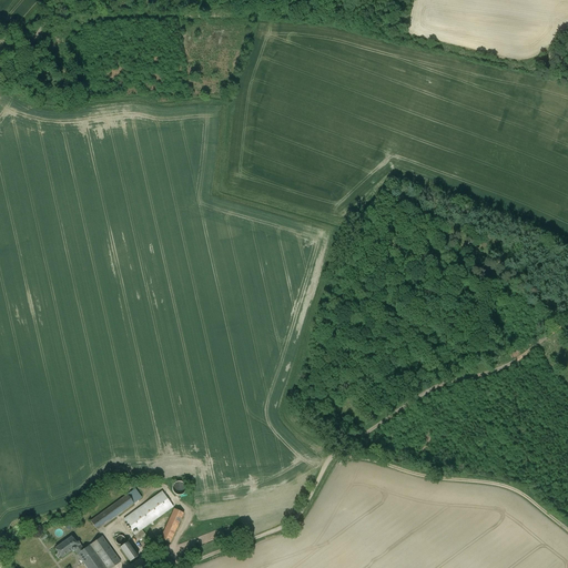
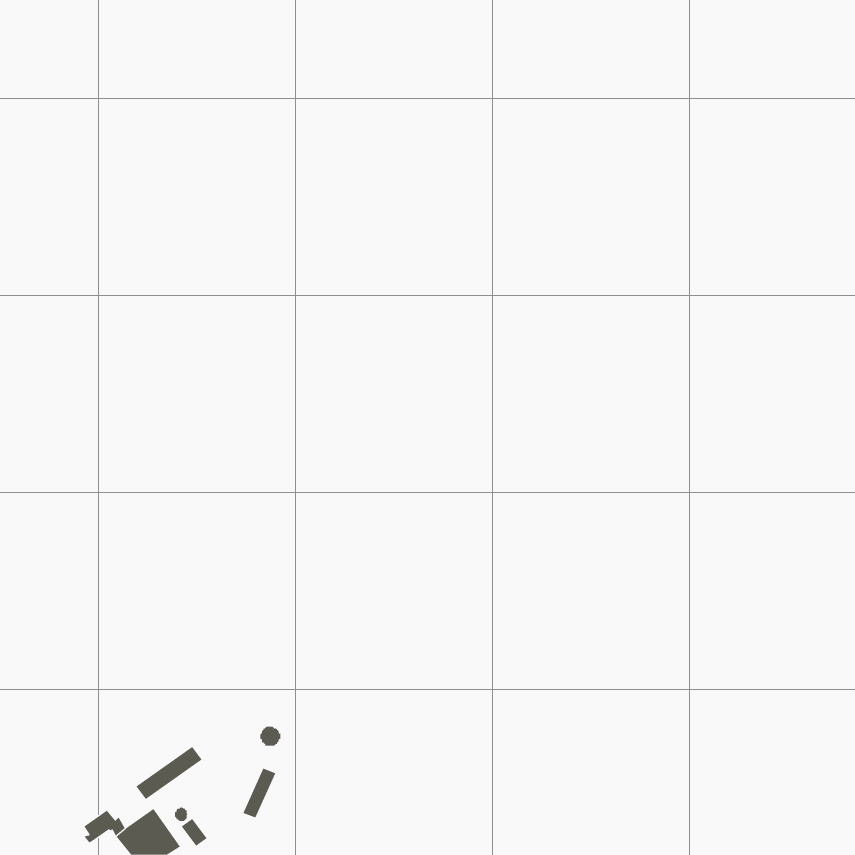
building: [123,491,173,535] -> none

